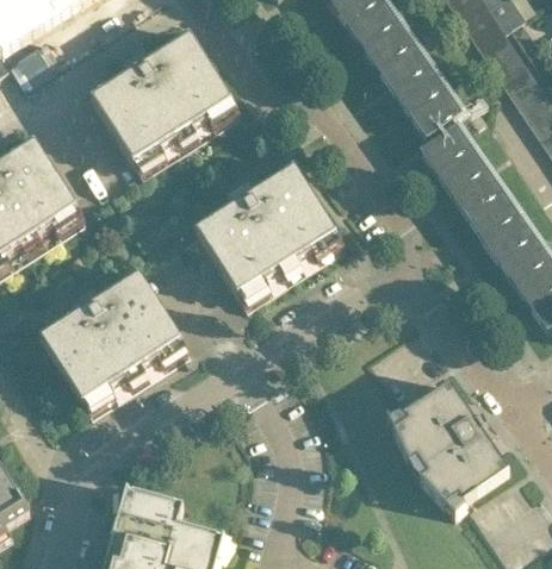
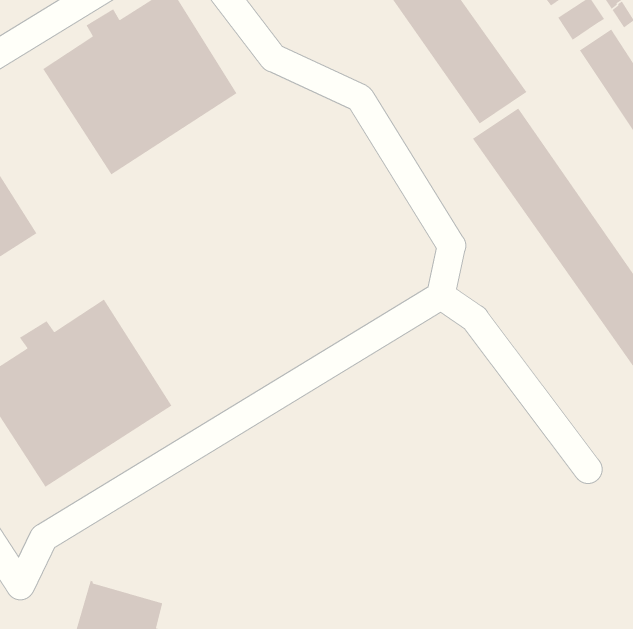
building: [192,161,343,306] -> none
building: [389,379,508,506] -> none

